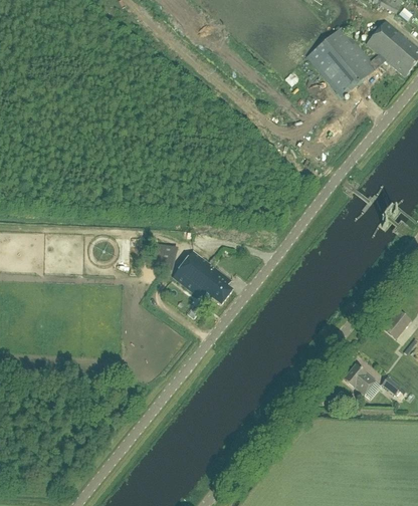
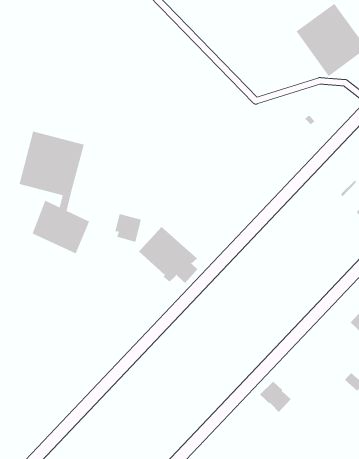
building: none -> [18,131,90,254]
building: [343,362,374,393] -> [259,381,292,413]

